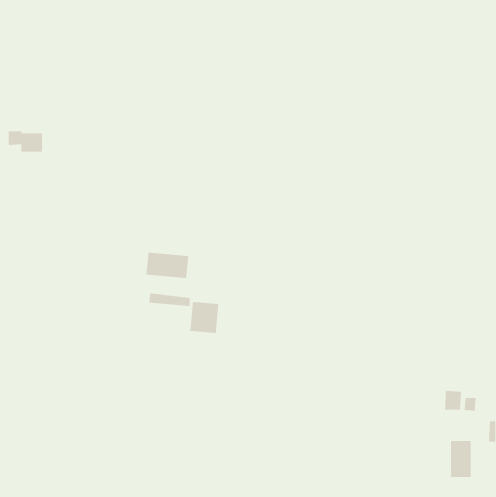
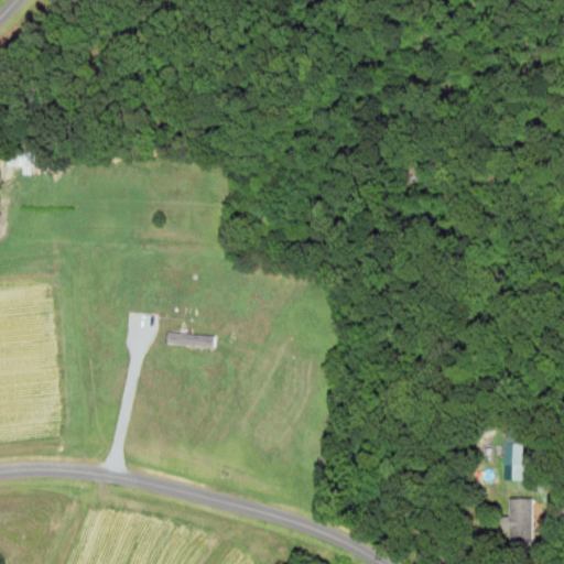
building: [146,252,189,279] -> none
building: [190,301,219,334] -> none

